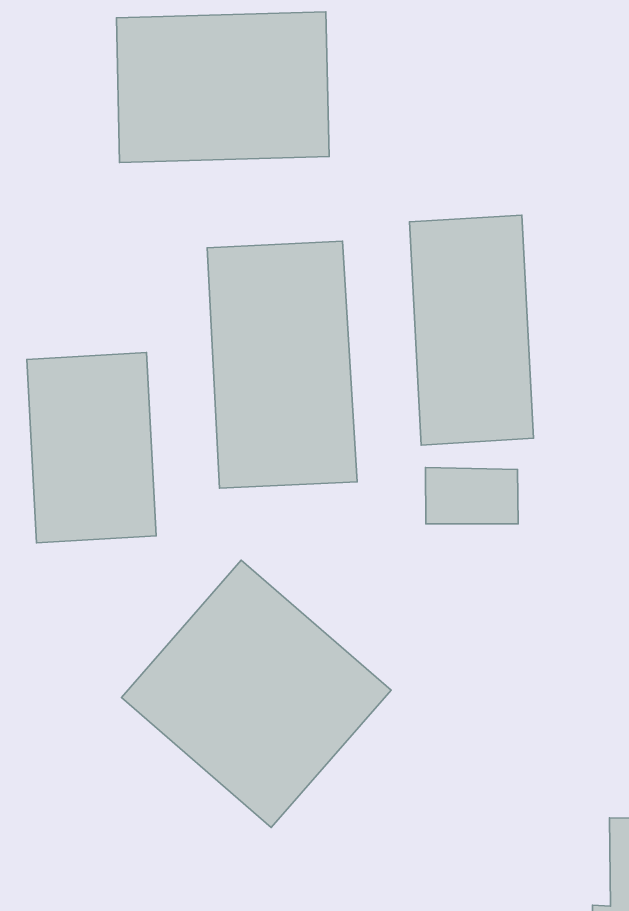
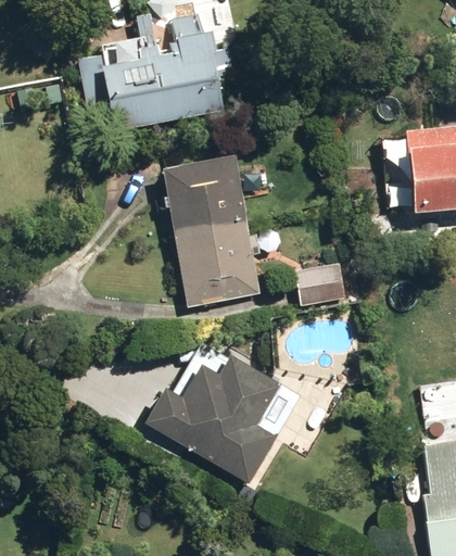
building: [409,215,533,445] -> none
building: [27,352,156,543] -> none

